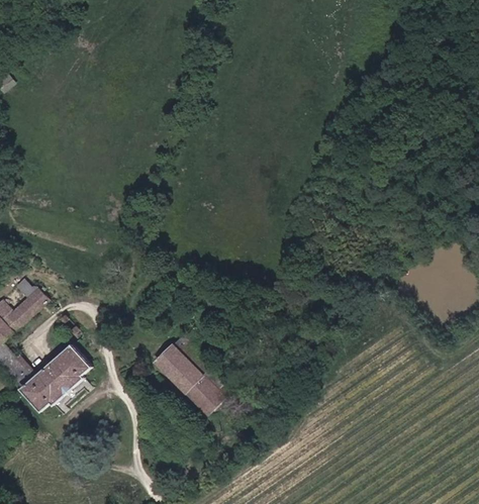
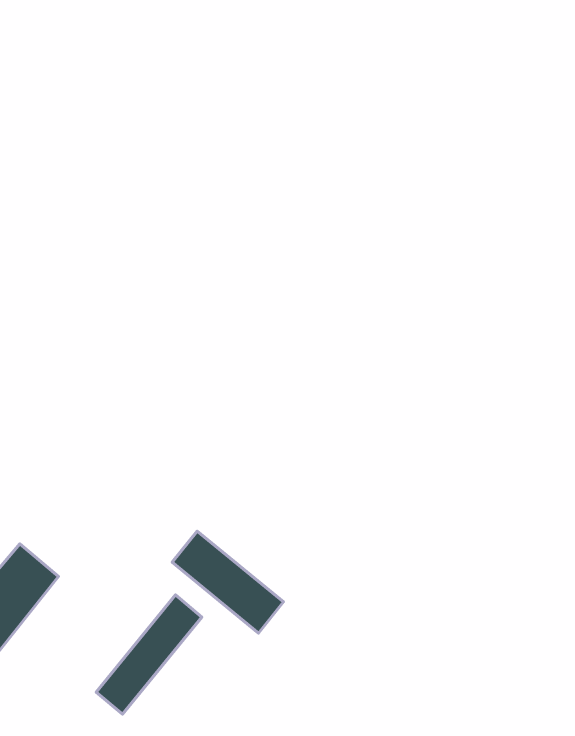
building: none -> [96,595,202,714]

